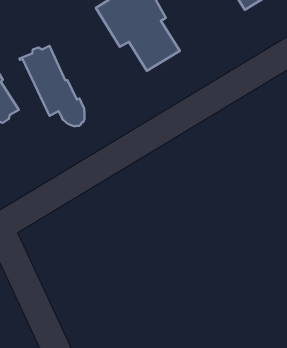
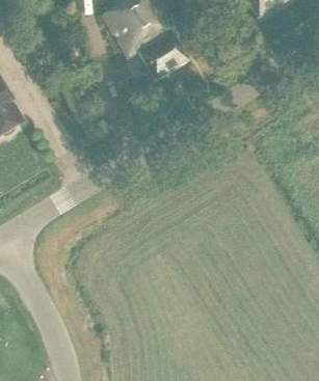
building: [19,46,85,126] -> none

